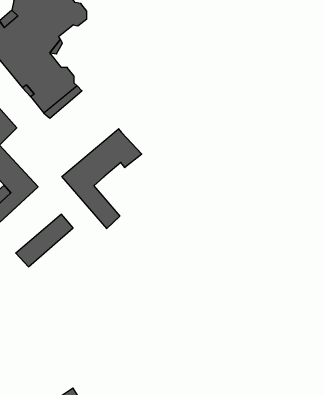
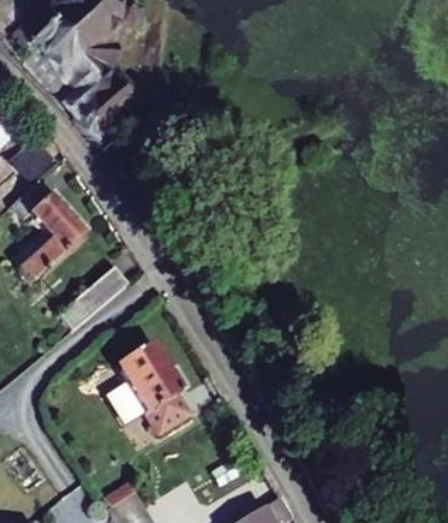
building: [62,129,142,229] -> none
building: none -> [115,343,192,436]

